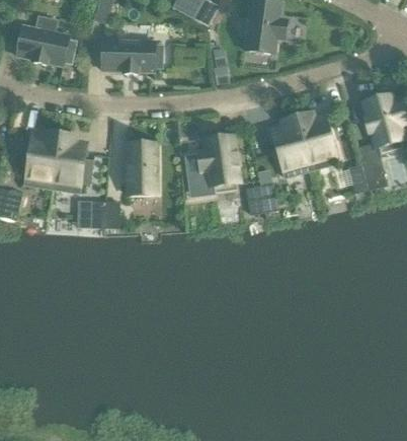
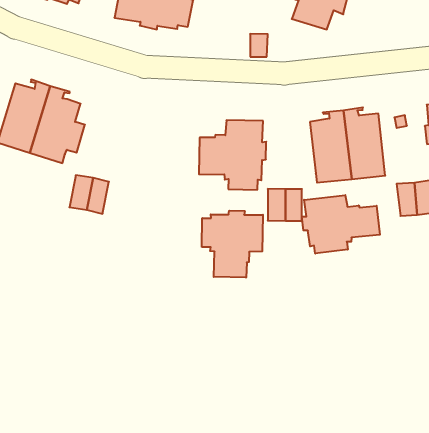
building: [124,141,157,194] -> none
building: none -> [302,195,380,254]
building: none -> [202,211,263,278]

